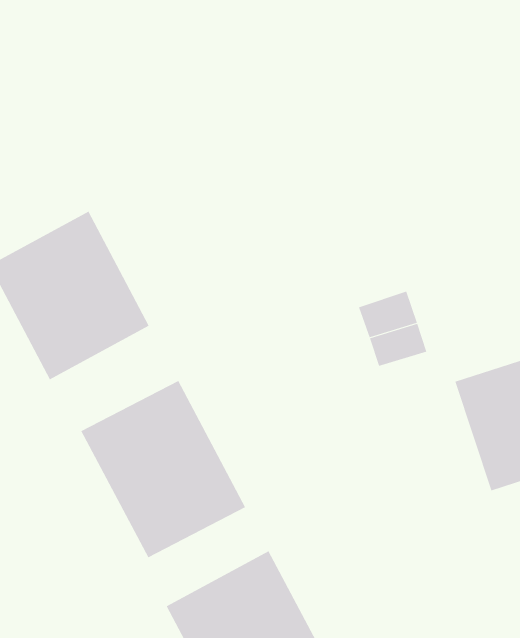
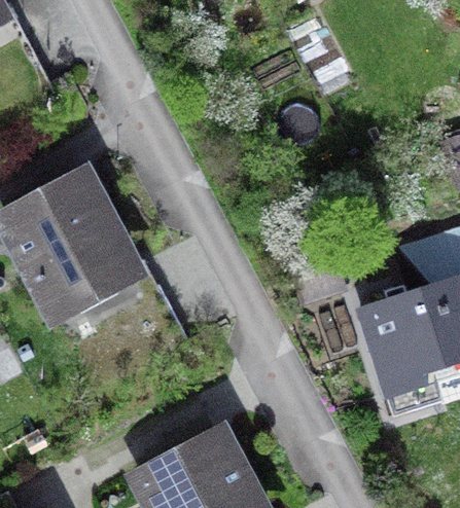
building: [81,380,246,558] -> none

